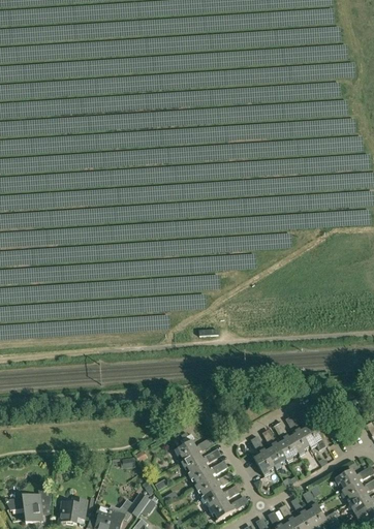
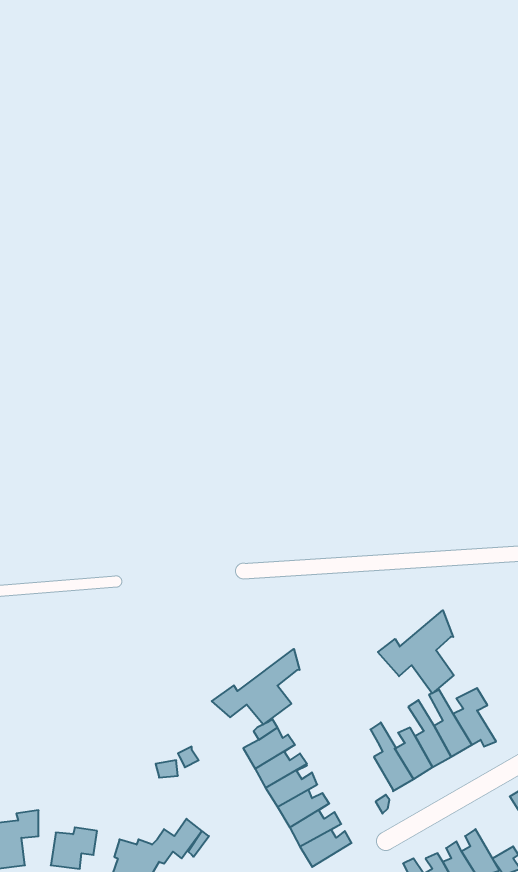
building: none -> [378,610,454,693]
building: none -> [212,649,300,725]

